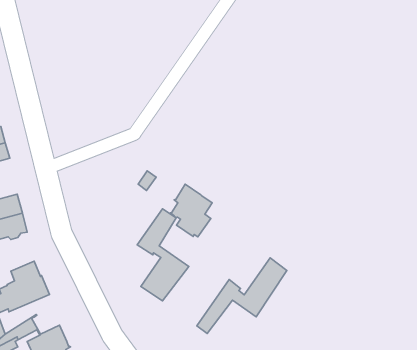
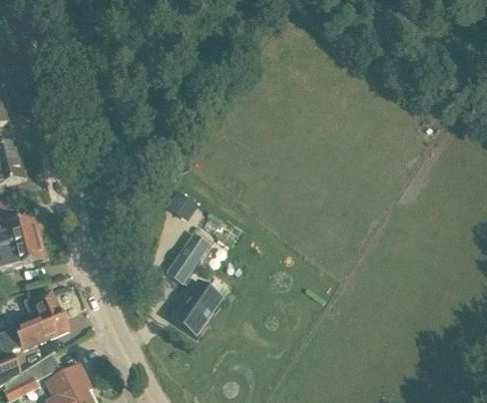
building: [171,184,212,237] -> none
building: [197,258,287,334] -> none

